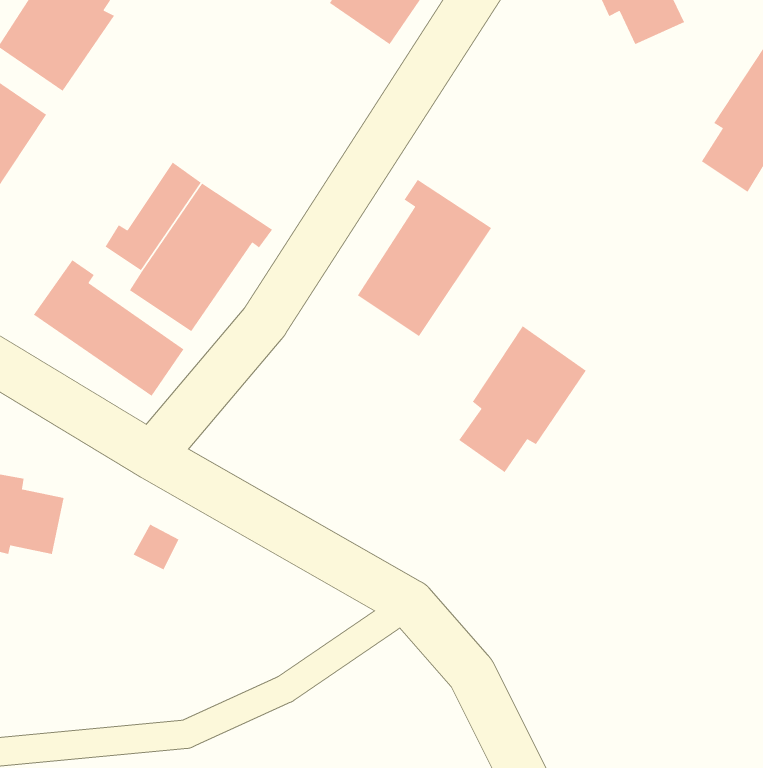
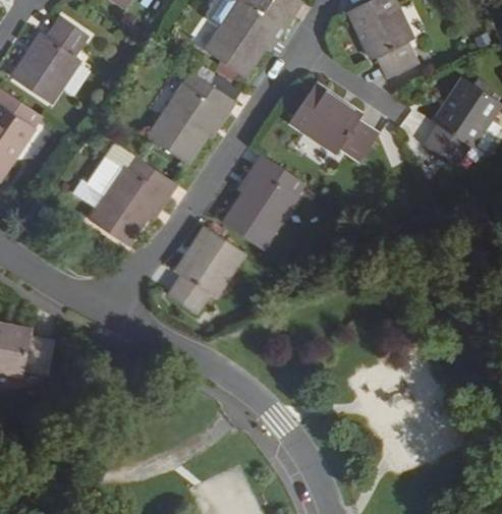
building: none -> [150,74,234,164]
building: none -> [290,84,378,162]
building: [33,259,184,397] -> none
building: [458,325,587,473] -> [168,227,243,313]

